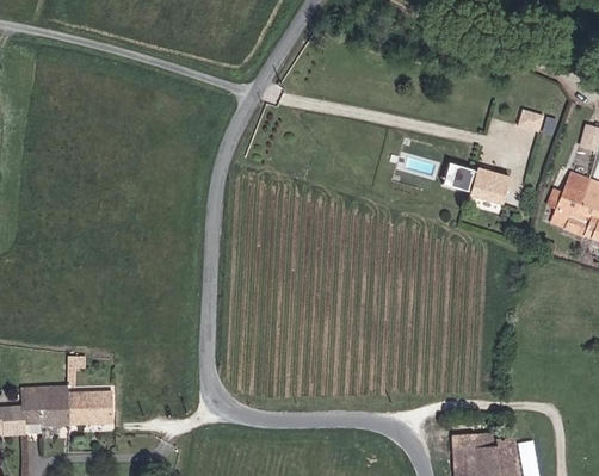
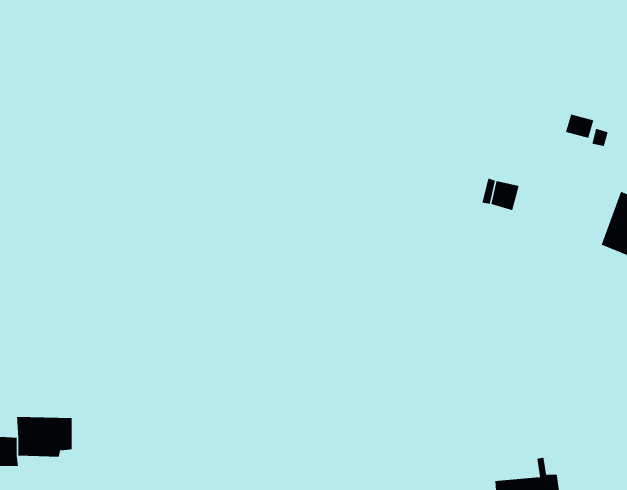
building: [469,168,512,206] -> none
building: [70,390,115,416] -> none

